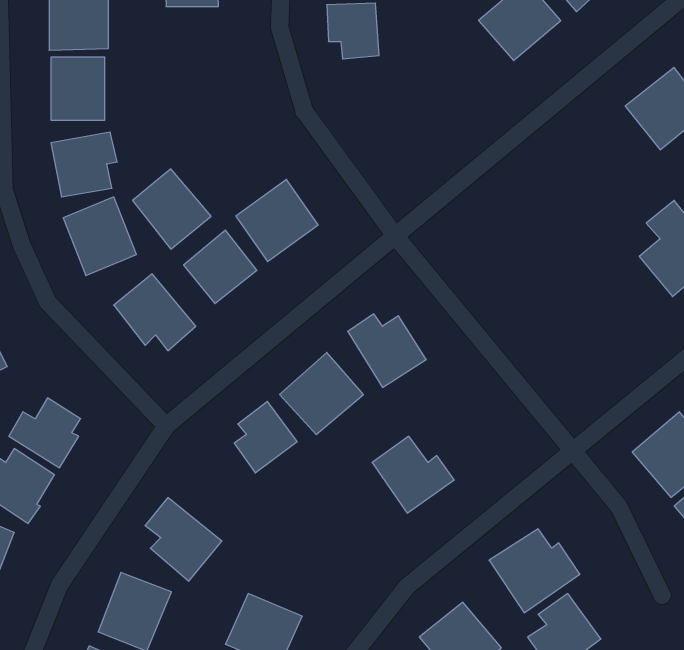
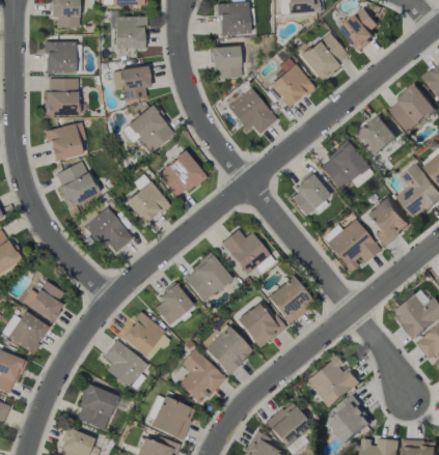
building: none -> [269,56,313,108]
building: none -> [111,65,149,99]
building: none -> [226,87,276,133]
building: none -> [354,114,399,158]
building: none -> [319,141,367,189]
building: [133,169,211,249] -> [128,105,174,152]
building: none -> [290,172,329,215]
building: none -> [364,196,409,247]
building: none -> [326,219,380,272]
building: none -> [266,276,313,323]
building: none -> [119,311,166,358]
building: none -> [203,325,252,374]
building: none -> [177,348,225,402]

